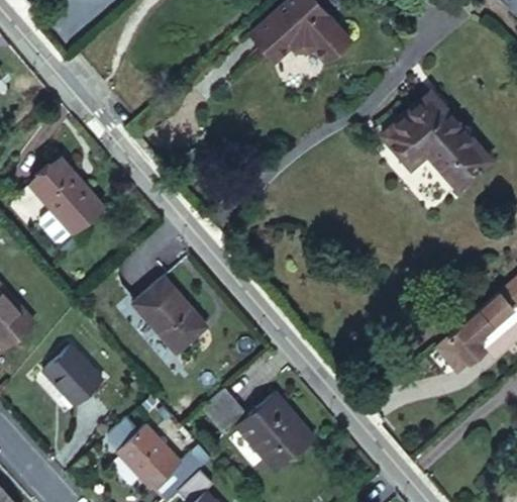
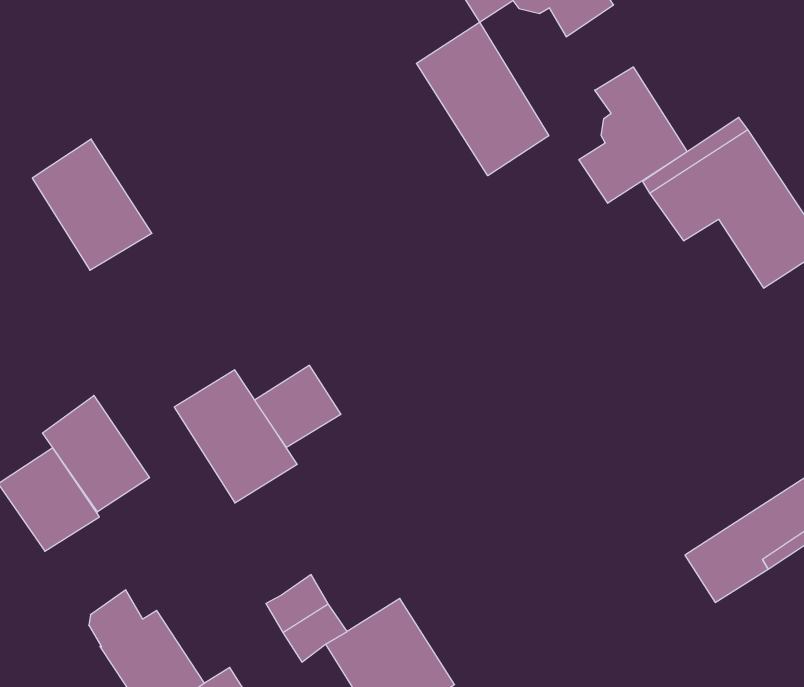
building: none -> [416,22,549,176]
building: none -> [579,67,687,203]
building: none -> [255,365,341,447]
building: none -> [43,395,149,512]

